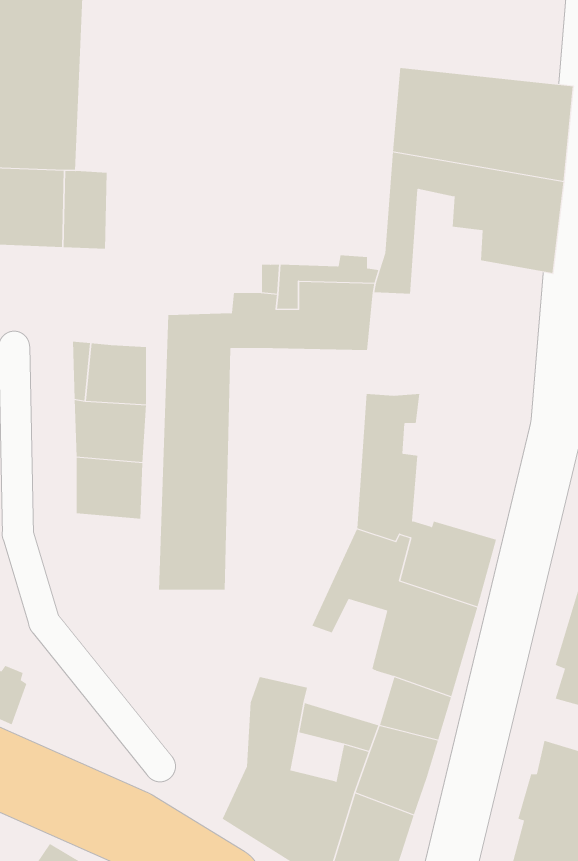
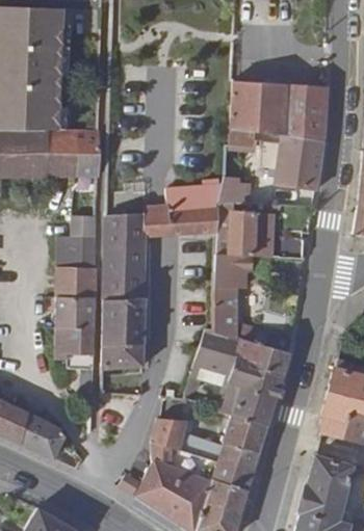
building: none -> [72,136,99,180]
building: none -> [232,214,276,260]
building: none -> [55,325,92,384]
building: none -> [20,420,58,457]

